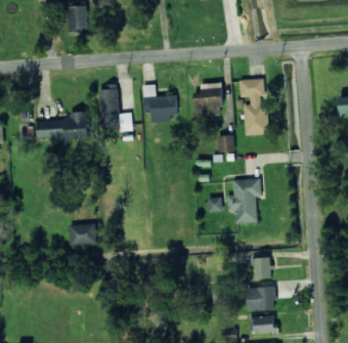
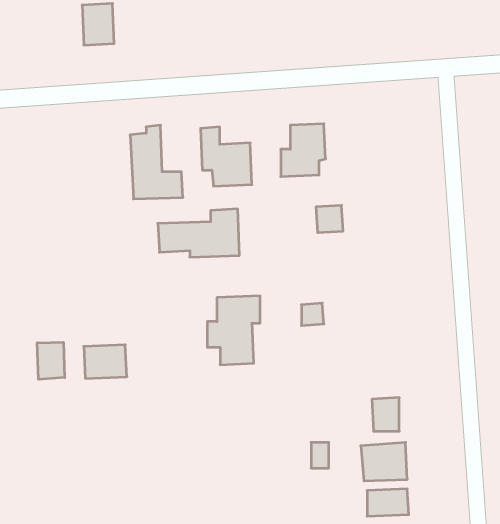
building: [240,78,268,134] -> none
building: [36,111,88,141] -> [158,209,239,257]
building: [227,178,261,222] -> [207,296,260,365]
building: none -> [37,342,65,379]

